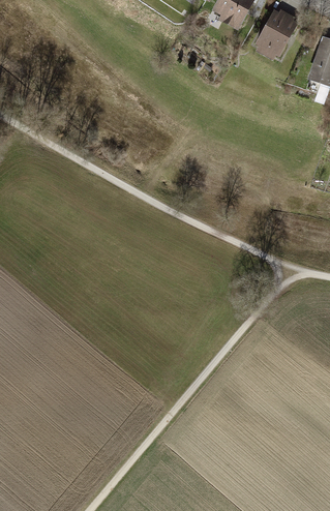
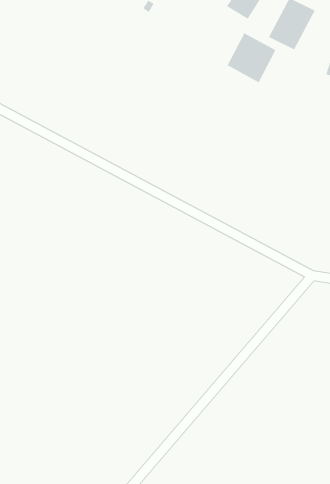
building: none -> [227,32,276,83]

